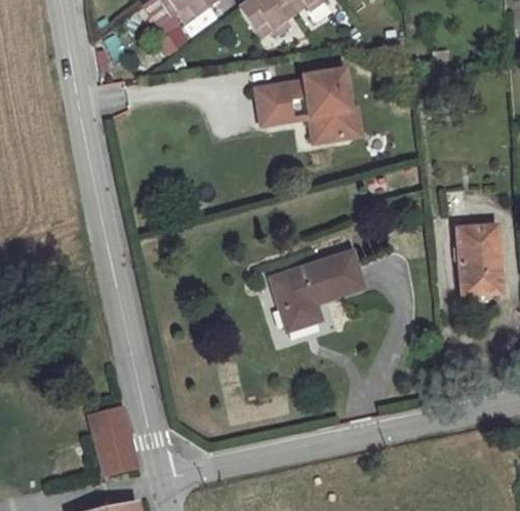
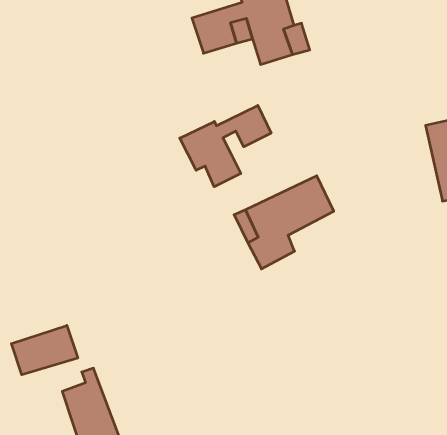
building: none -> [180,105,271,187]
building: none -> [11,325,78,375]

